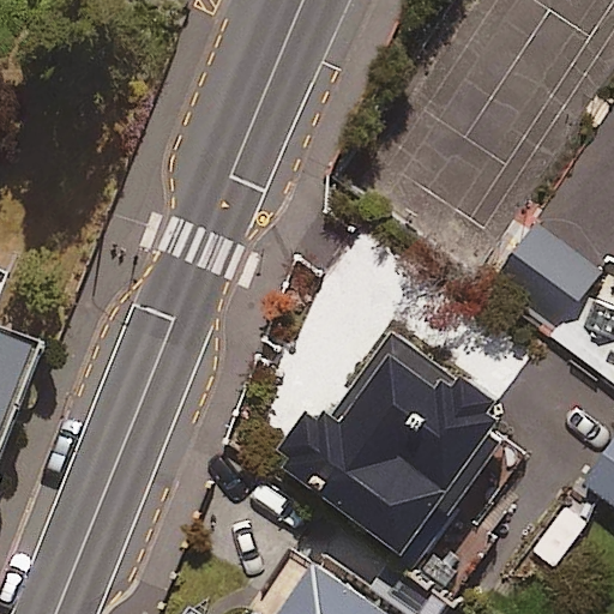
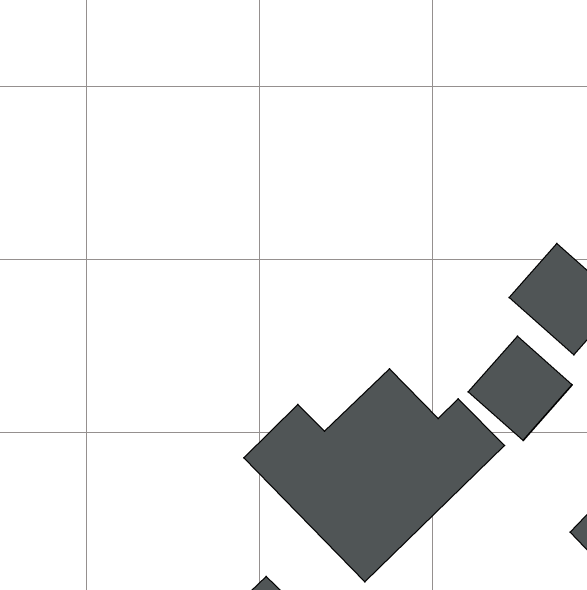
building: none -> [468,336,572,440]

